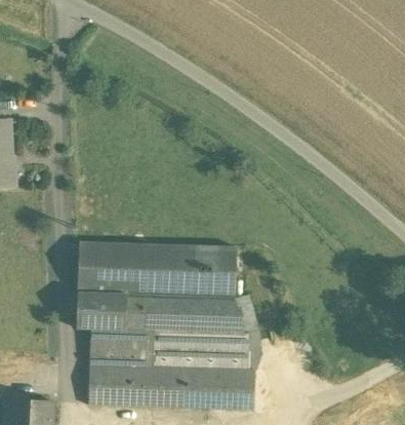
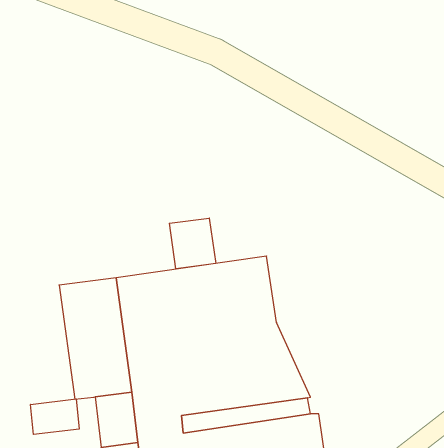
building: none -> [169,218,216,269]
building: none -> [31,399,79,434]

